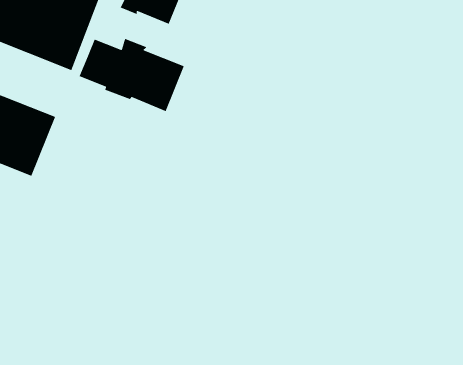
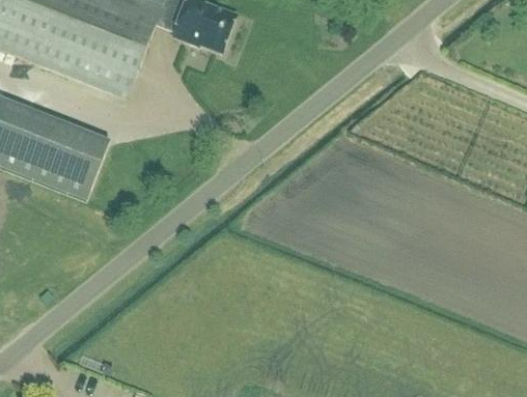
building: [78,38,185,112] -> none

